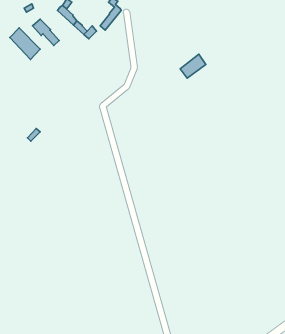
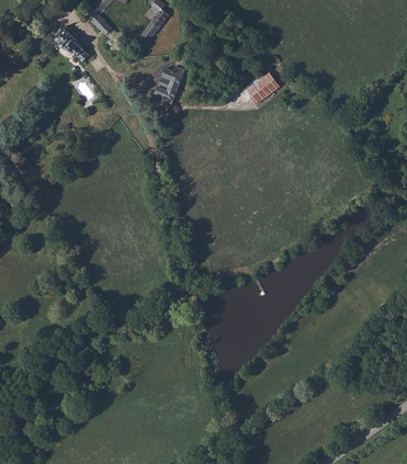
building: [10,28,40,59] -> none
building: none -> [156,65,183,105]

